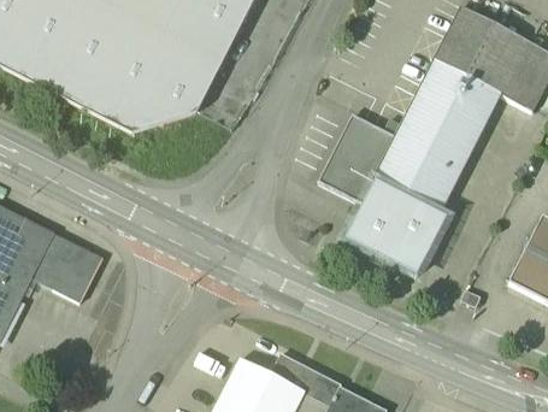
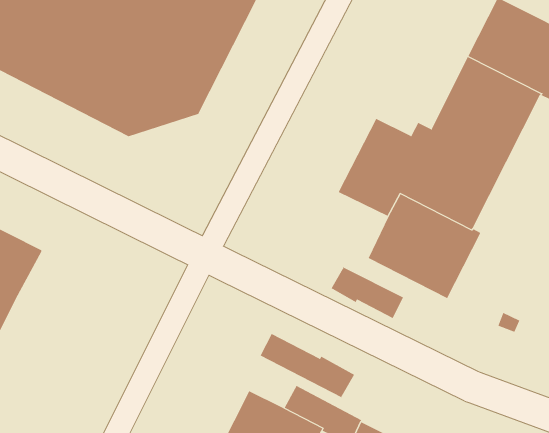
building: [31,233,102,301] -> none
building: none -> [331,266,404,319]
building: none -> [260,333,355,398]

